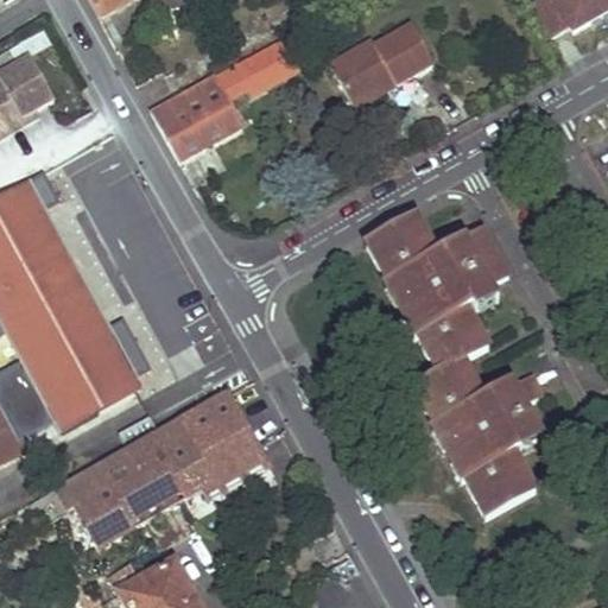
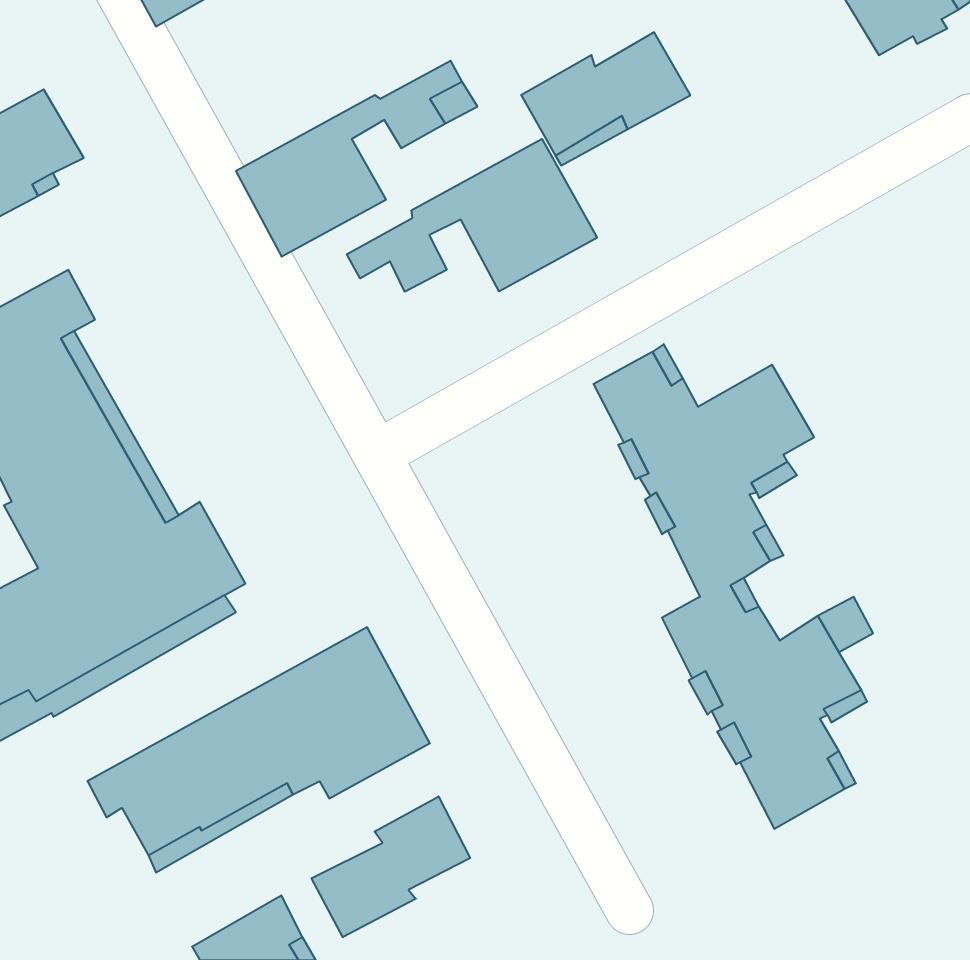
building: none -> [347,139,597,292]
building: none -> [312,796,470,937]

